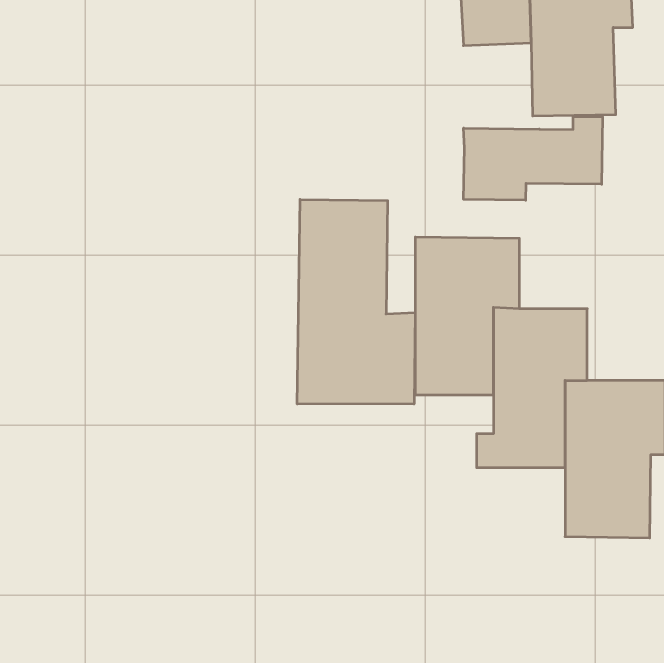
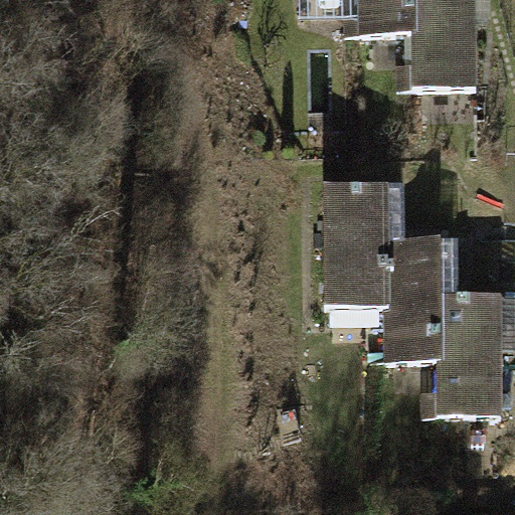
building: [464,117,603,200] -> none
building: [297,199,415,404] -> none

